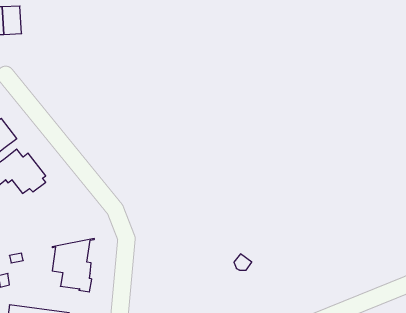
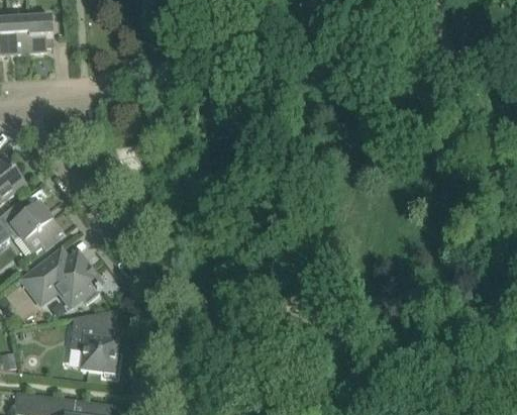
building: none -> [28,16,53,53]
building: none -> [19,247,101,307]

